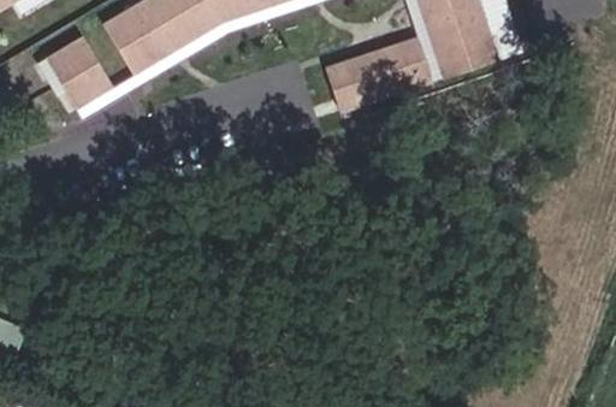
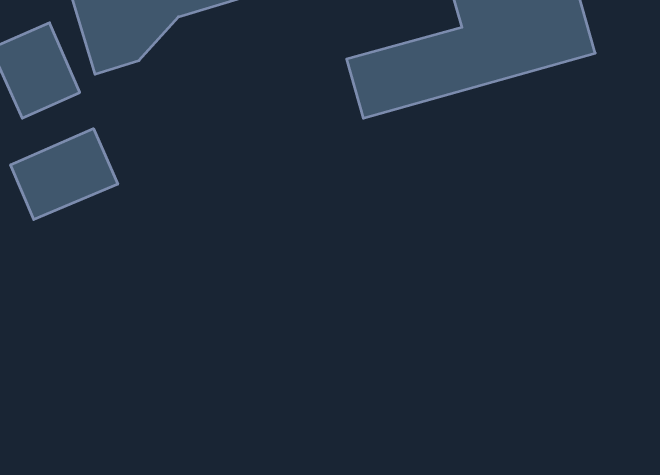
building: none -> [11,129,118,220]

